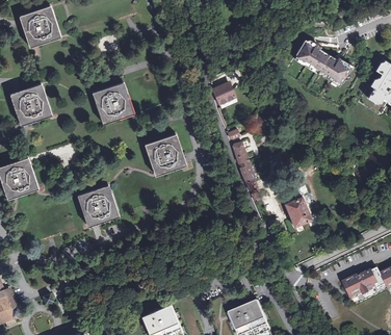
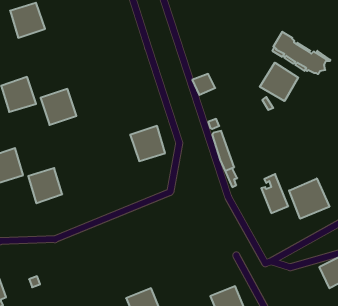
building: none -> [260,63,298,101]
building: [94,83,131,121] -> [40,89,76,125]
building: [80,186,115,223] -> [28,168,62,203]
building: none -> [289,178,329,219]

